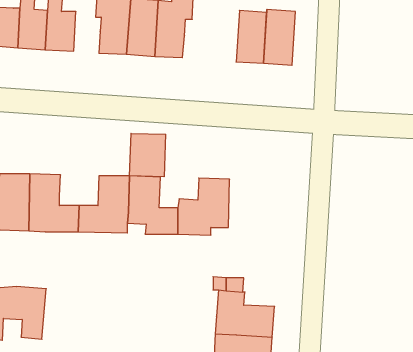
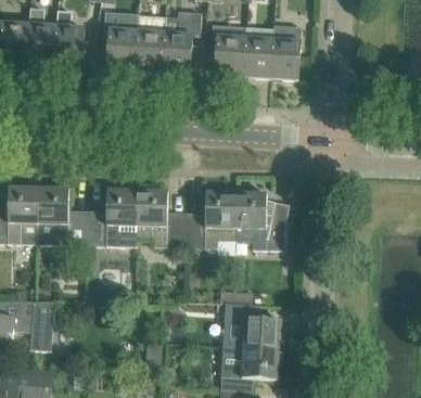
building: none -> [210,24,246,76]
building: [130,133,166,177] -> none
building: none -> [235,192,288,249]

